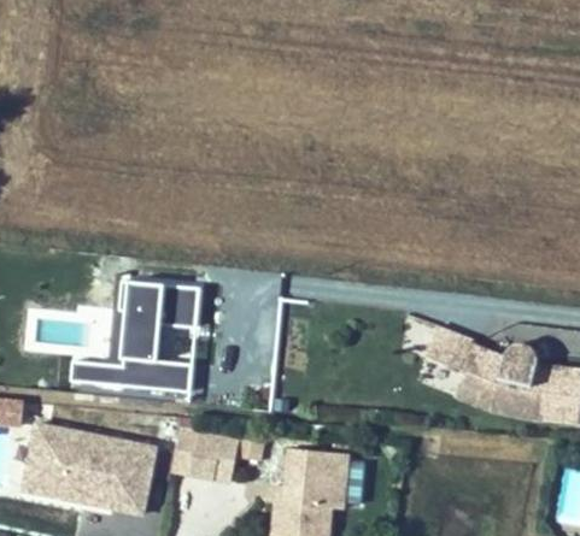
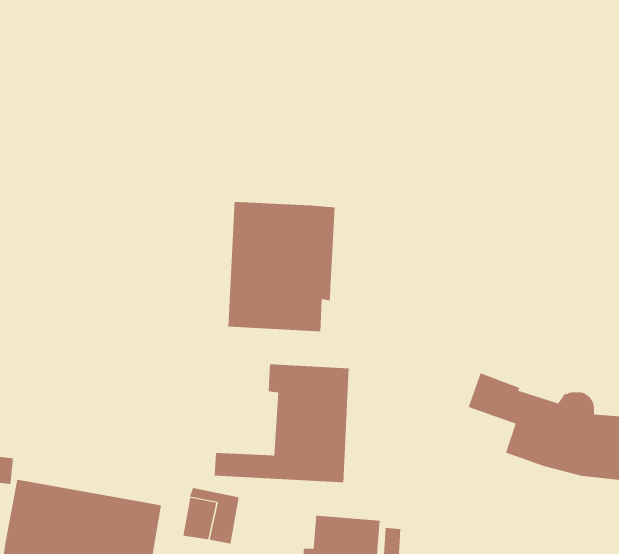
building: none -> [228,201,335,332]
building: [75,287,193,390] -> [214,364,350,483]

